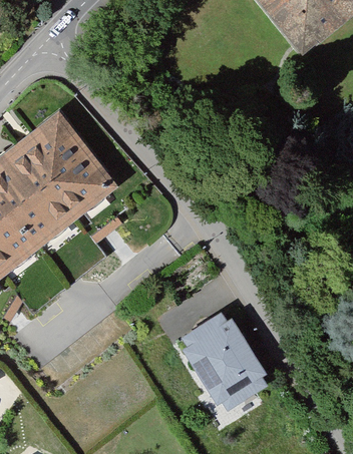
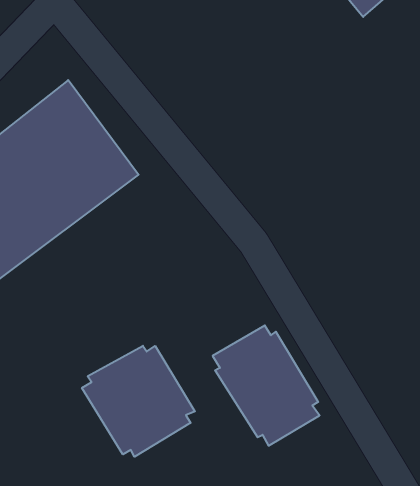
building: none -> [82,346,195,457]

